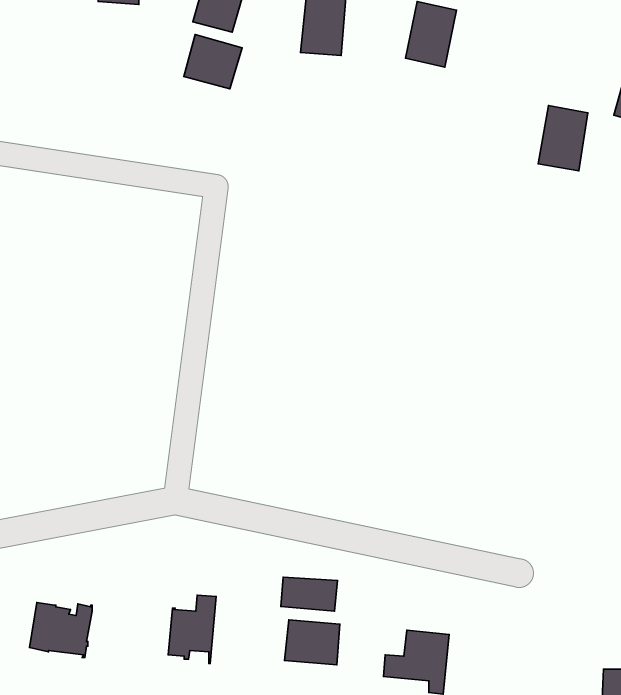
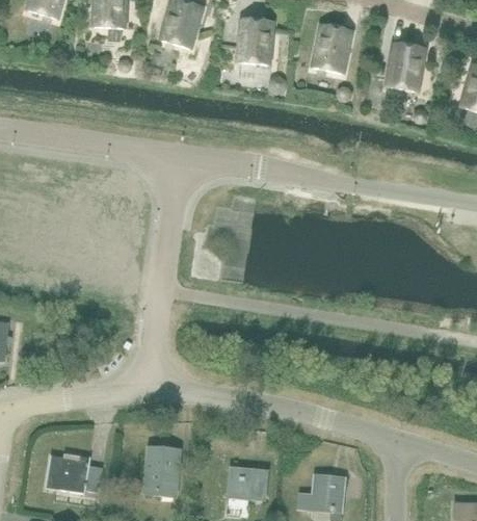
building: [184,34,242,89] -> none
building: [538,106,588,171] -> [388,44,423,90]
building: [281,577,337,611] -> none

